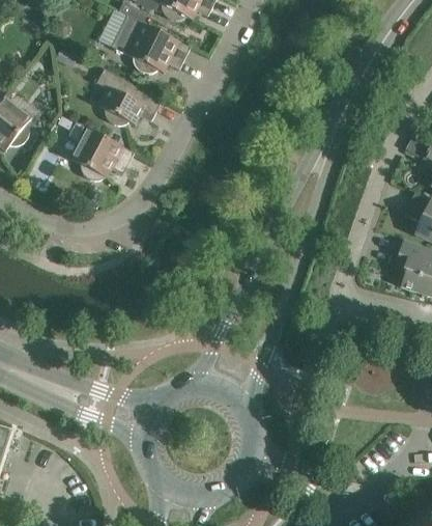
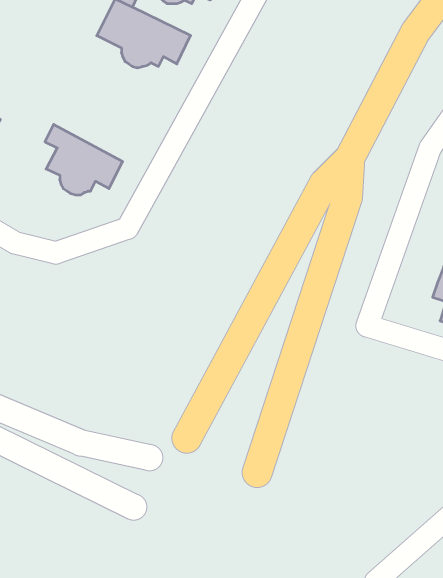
building: [96,67,163,123] -> none

